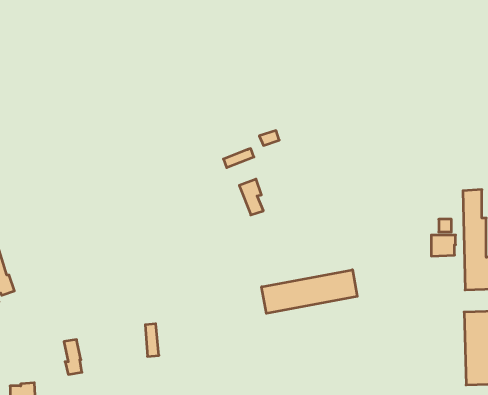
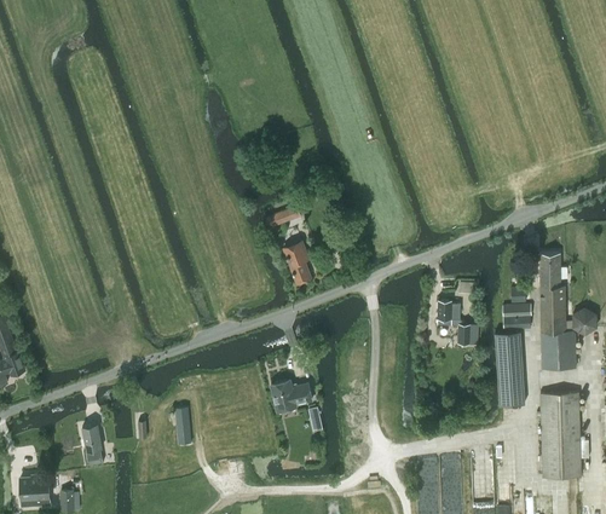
building: none -> [438,301,479,345]
building: none -> [496,331,525,406]
building: [262,270,357,313] -> none
building: none -> [271,381,312,411]

